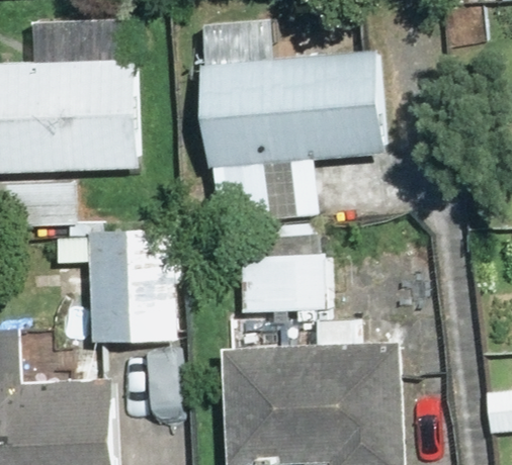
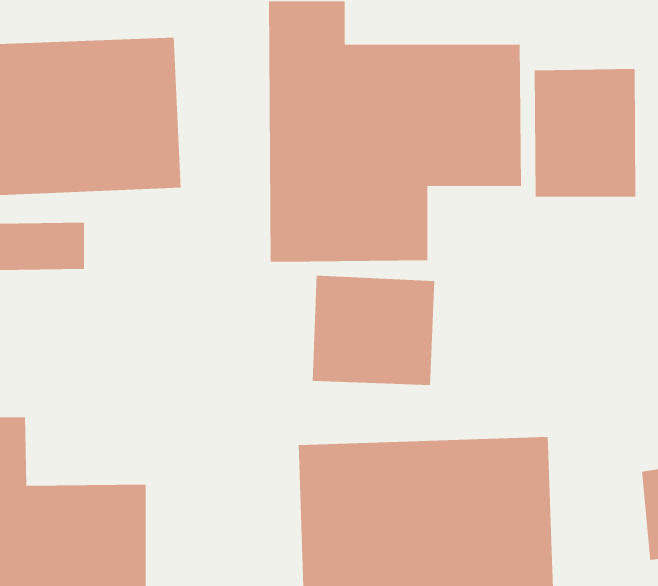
building: none -> [534,68,636,197]
building: [86,232,177,341] -> none

